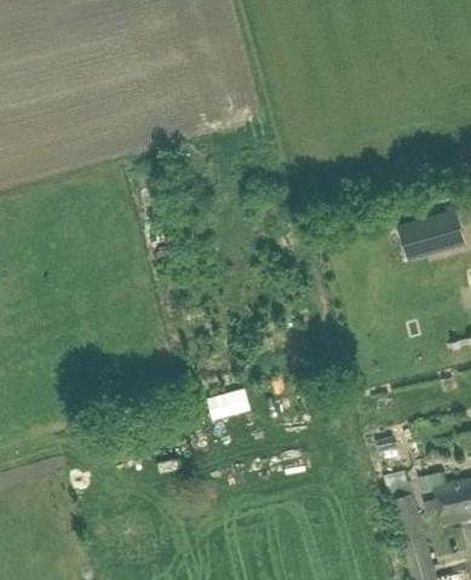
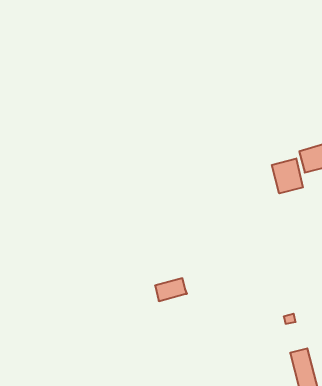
building: none -> [272,158,303,193]

